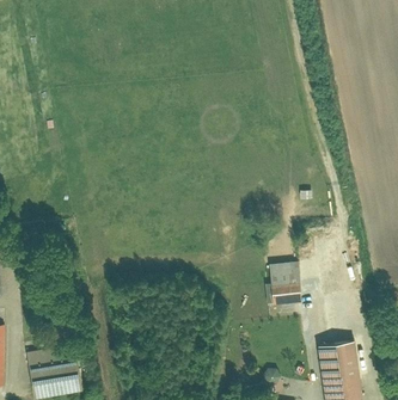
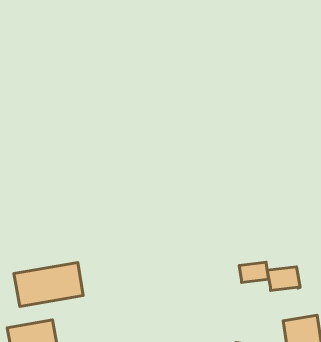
building: [268,263,302,288] -> [267,267,300,291]
building: none -> [14,262,83,306]

